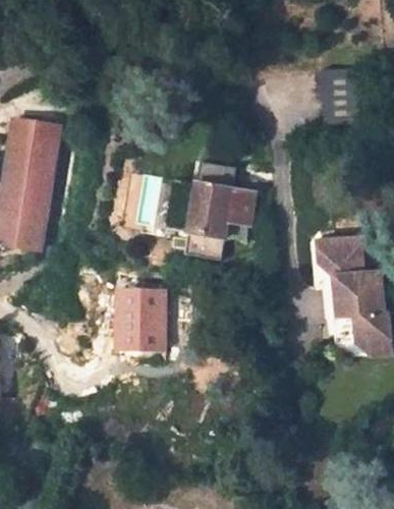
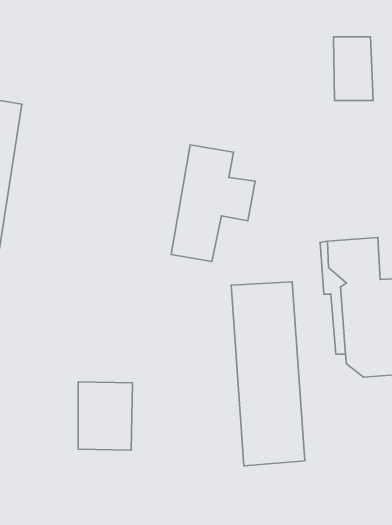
building: none -> [231,282,305,466]
building: [118,290,164,348] -> [78,382,132,450]

